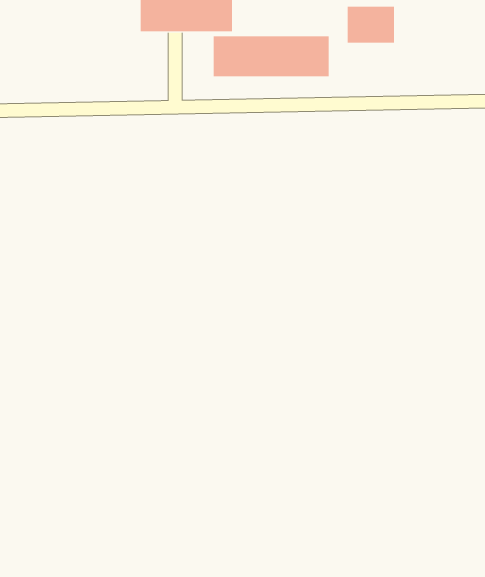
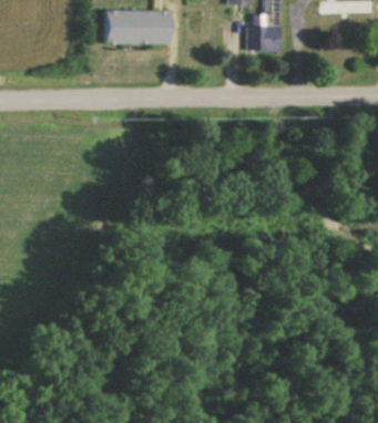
building: [213,35,329,77] -> none

